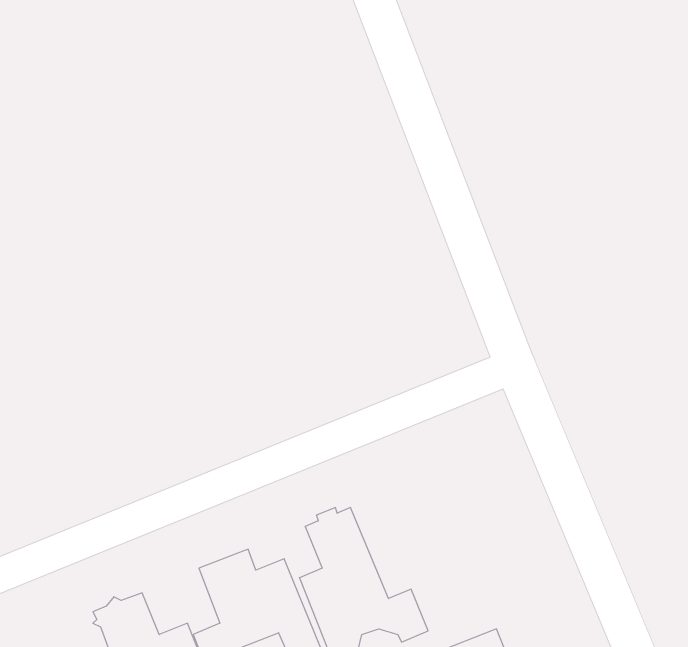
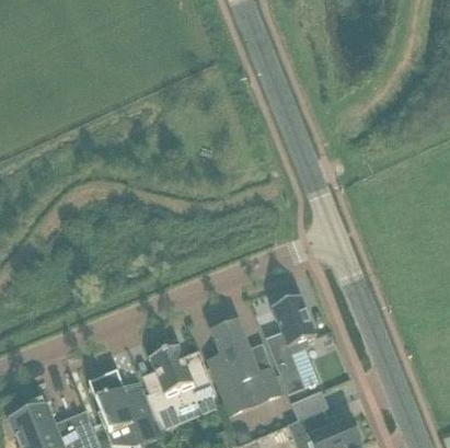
building: none -> [264,297,318,395]

